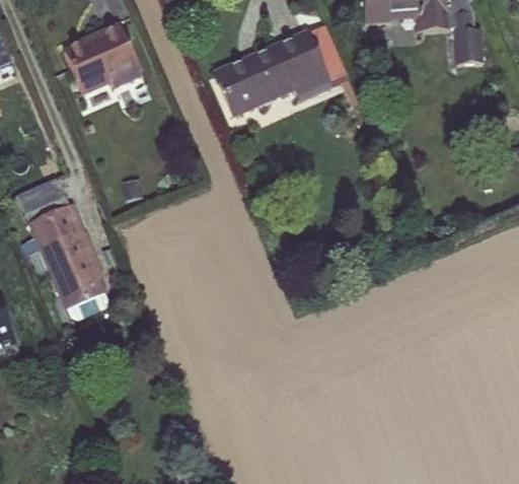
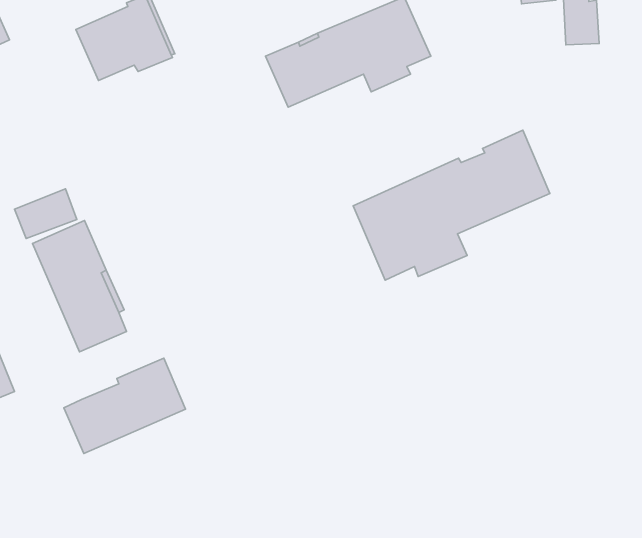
building: none -> [353,130,550,280]
building: none -> [64,358,186,453]

